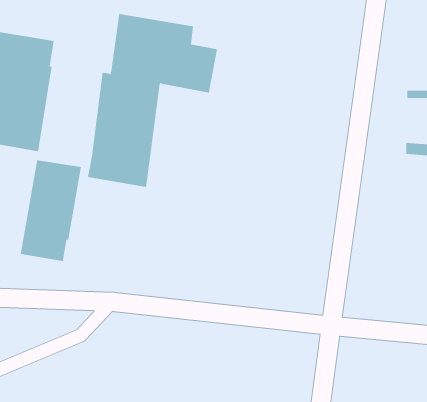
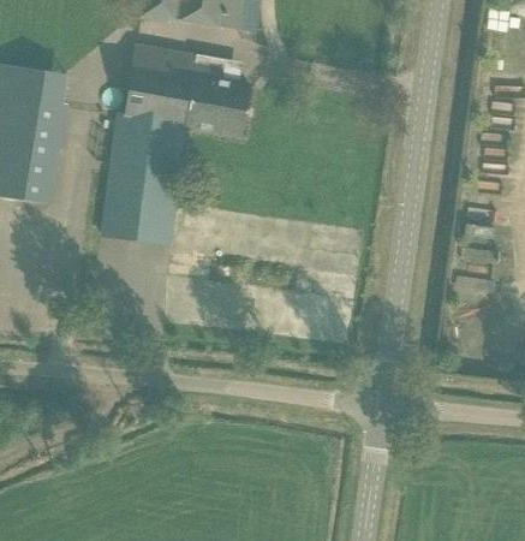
building: [20,159,82,262] -> none

